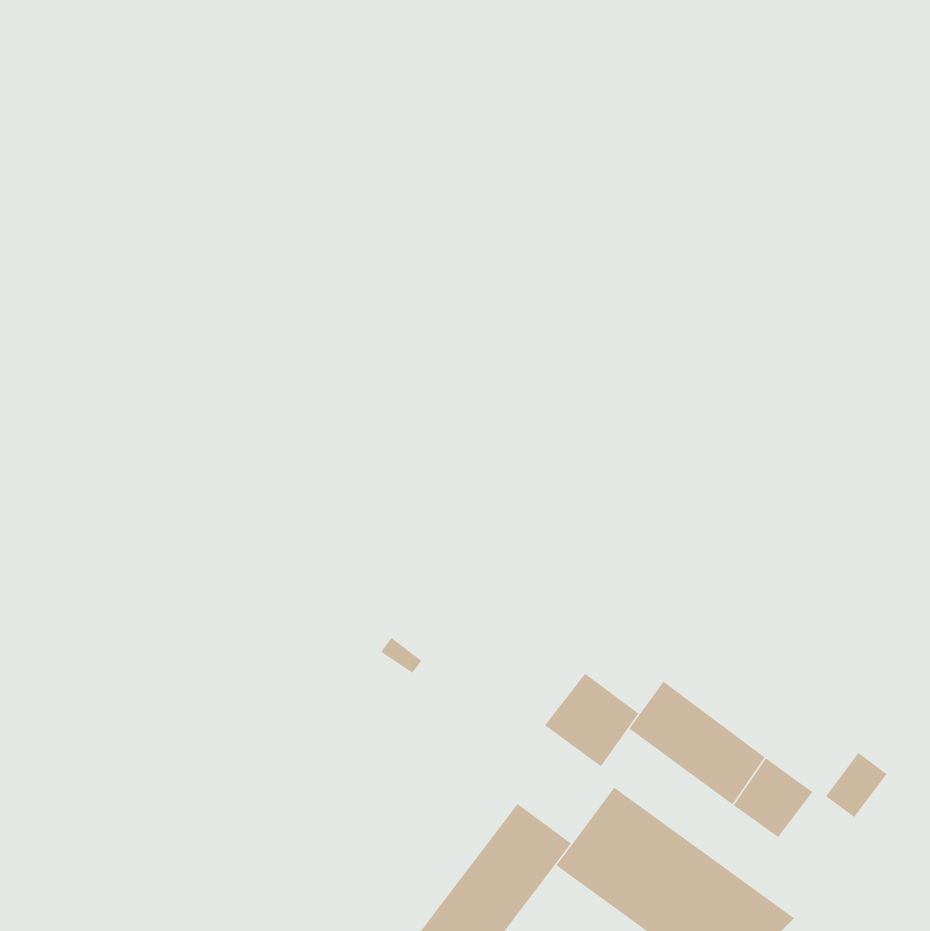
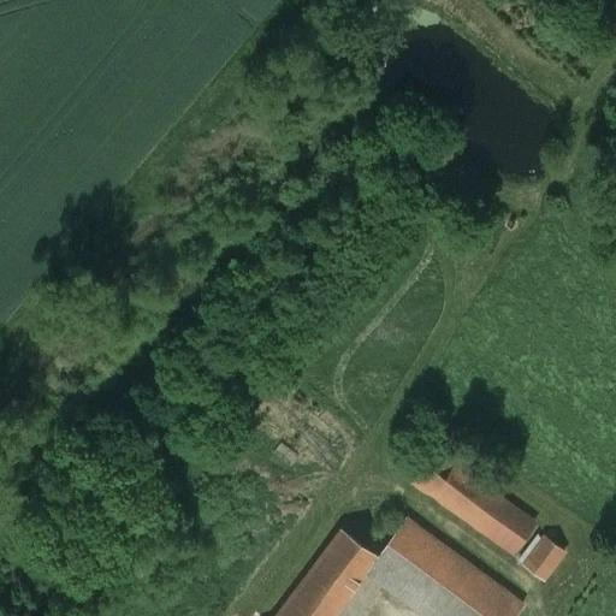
building: [544,673,639,767] -> none
building: [825,752,887,818] -> [526,537,567,580]

